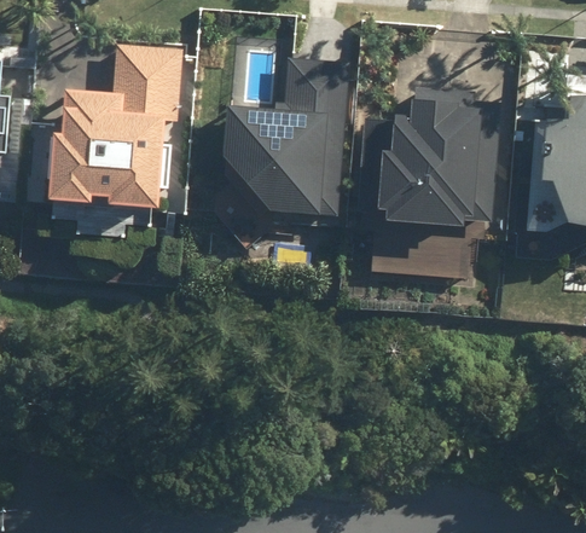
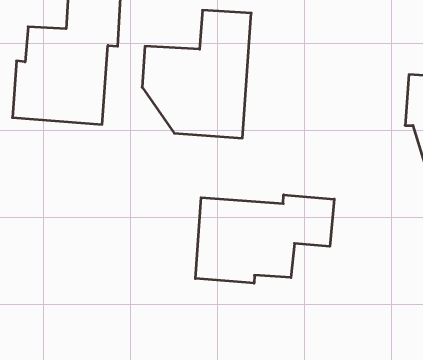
building: [350,94,492,237] -> none
building: none -> [195,195,334,283]

